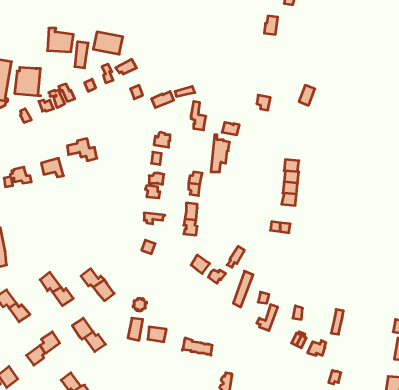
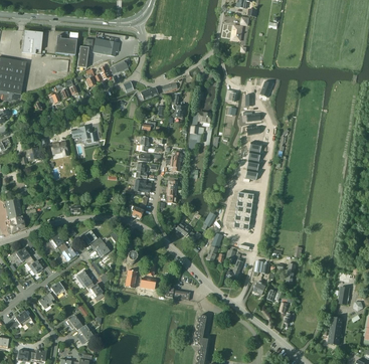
building: [15,67,41,96] -> [22,30,43,53]

